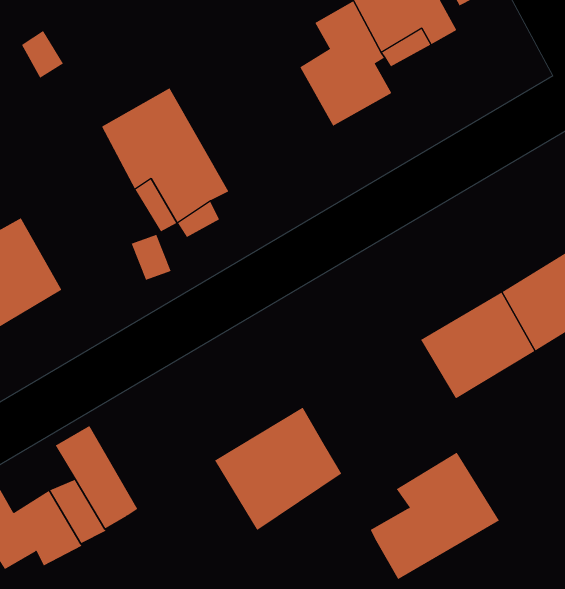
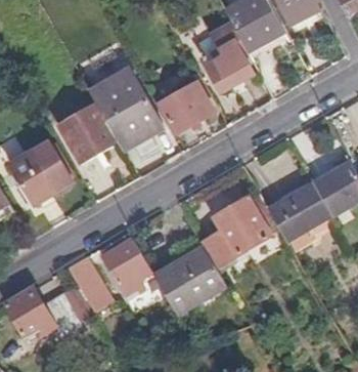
building: none -> [159,81,214,133]
building: none -> [58,102,116,164]
building: none -> [102,238,151,294]
building: [370,452,500,580] -> [200,197,272,267]

